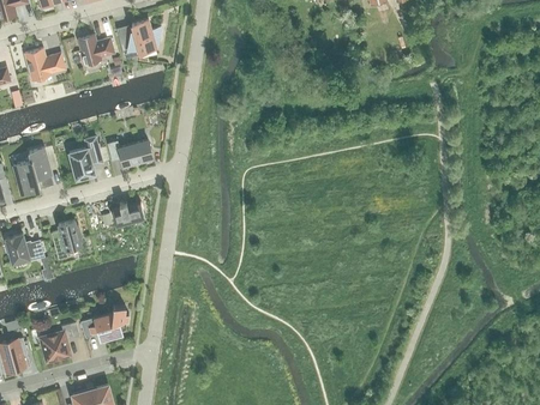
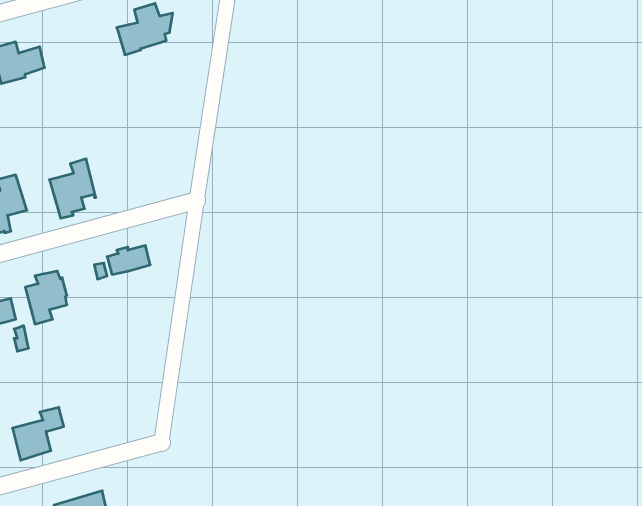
building: [78,35,114,65] -> none
building: [107,140,152,167] -> none
building: [80,306,128,345] -> none

